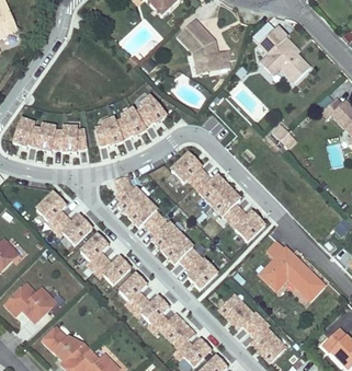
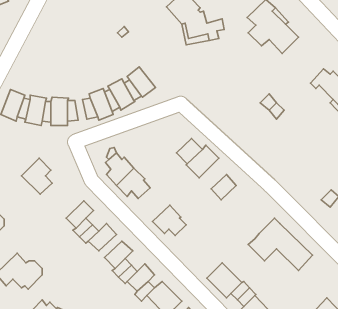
building: [169,152,203,185] -> none
building: [211,187,242,219] -> none
building: [50,211,87,240] -> none
building: [232,211,266,244] -> none
building: [149,217,181,251] -> none
building: [186,254,217,289] -> none

